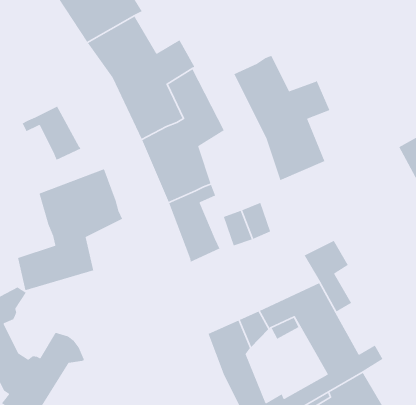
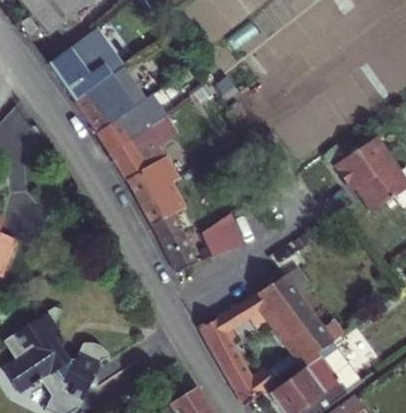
building: [233,55,331,181] -> none
building: [22,106,82,161] -> none
building: [17,168,123,291] -> none

